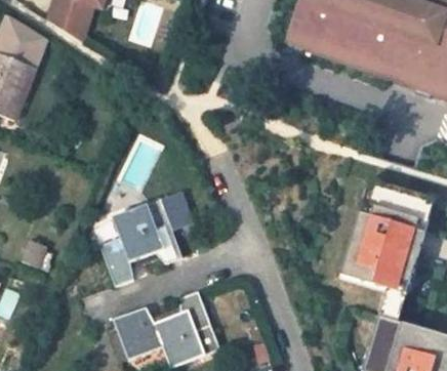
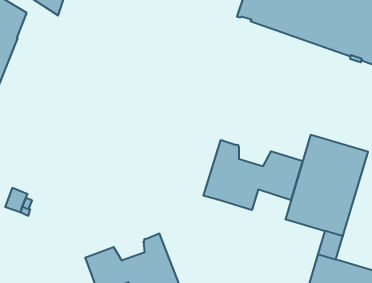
building: none -> [203,140,303,210]
building: [99,195,182,286] -> none

